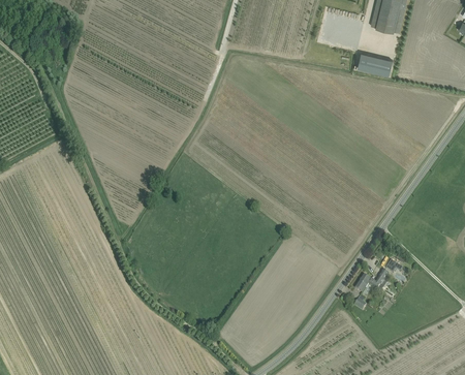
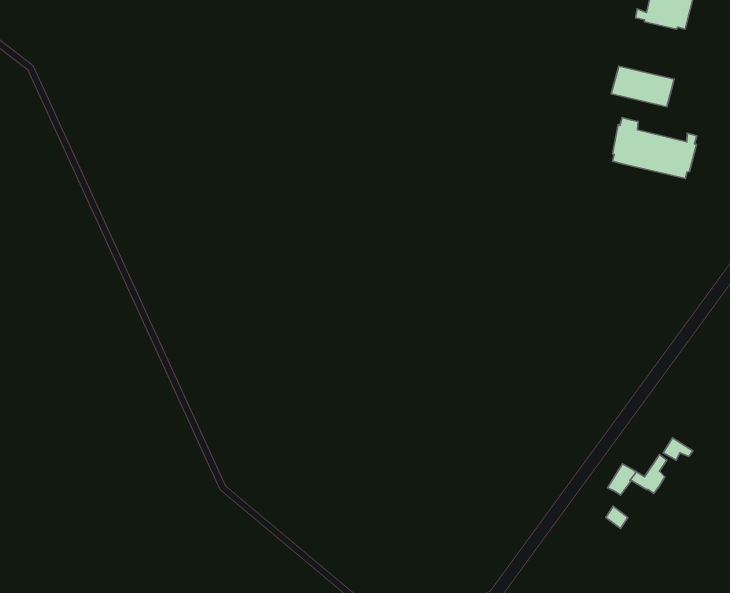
building: none -> [612,118,697,178]

